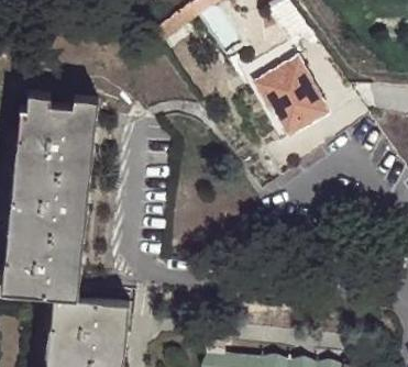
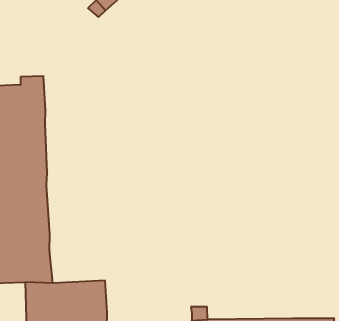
building: [251,53,326,131] -> none

